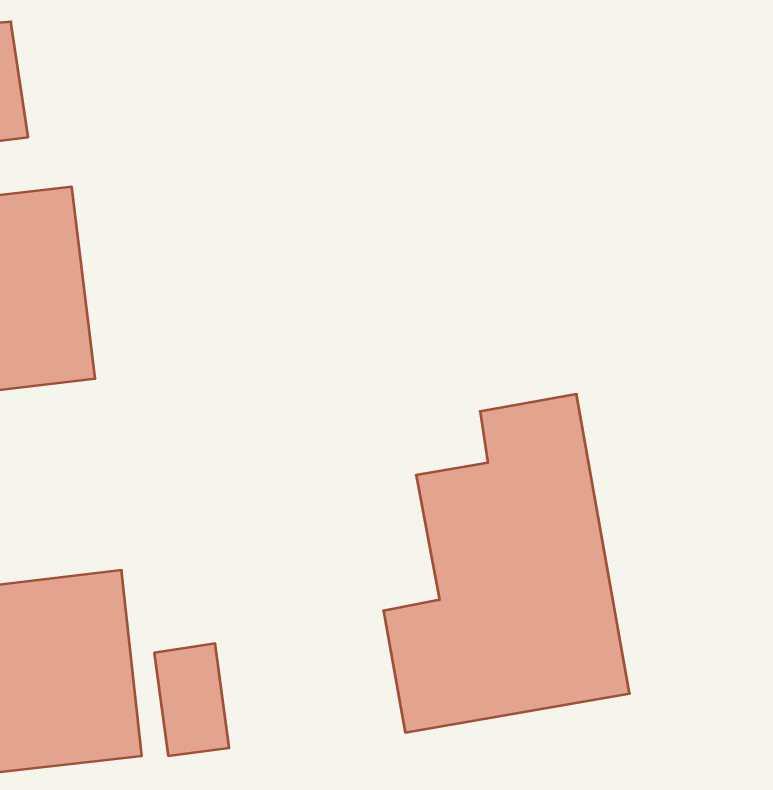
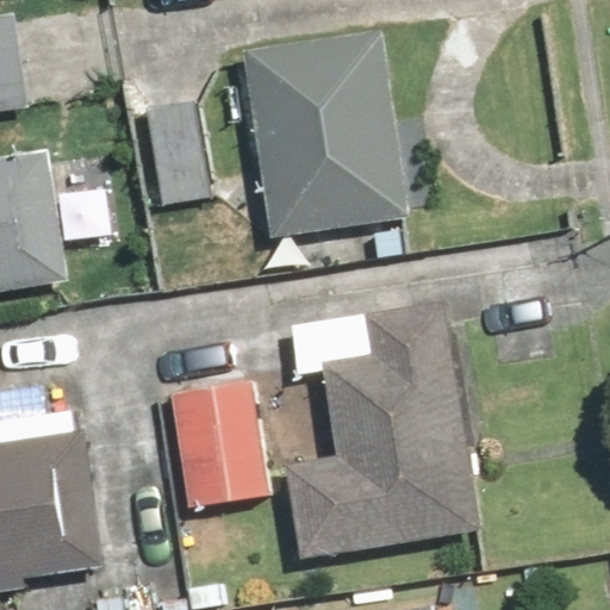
building: none -> [234,21,413,232]
building: none -> [168,375,266,510]

